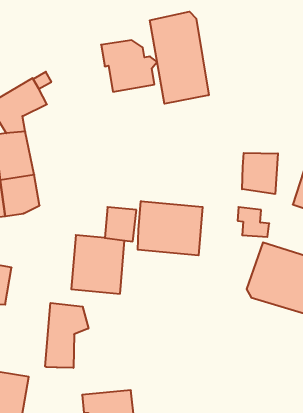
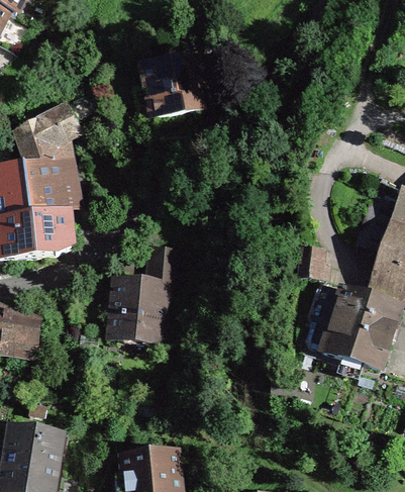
building: [150,12,209,104] -> none
building: [242,153,278,194] -> none
building: [138,201,203,255] -> none
building: [45,303,88,368] -> none

